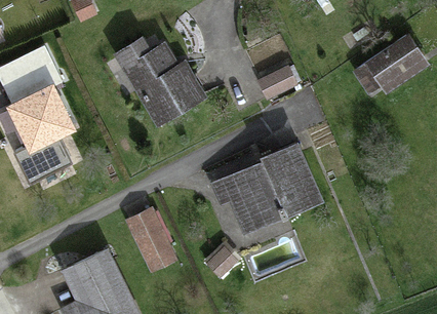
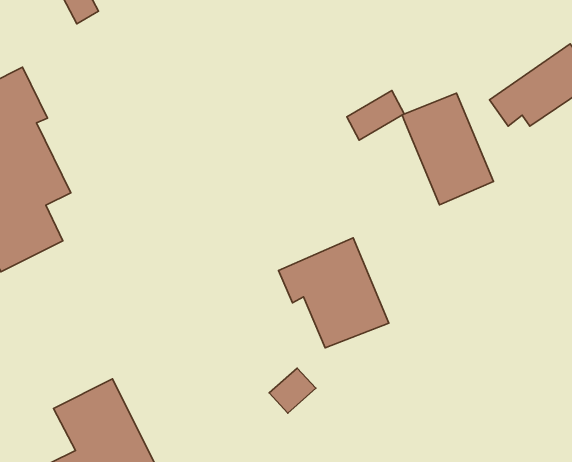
building: [125,40,198,116] -> none
building: [262,144,322,218] -> [402,93,494,205]
building: [126,205,177,268] -> none

